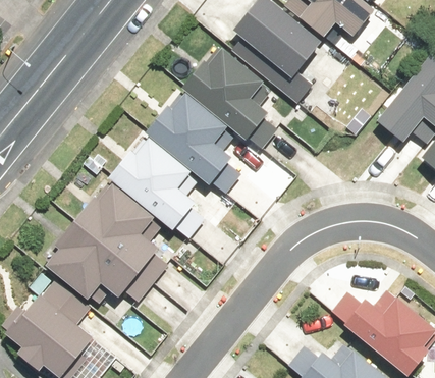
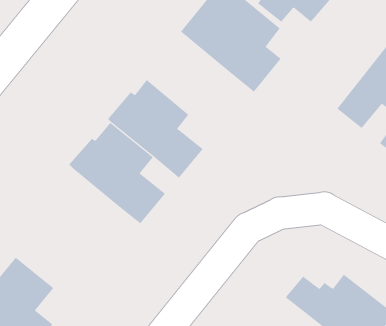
building: [182,45,280,151] -> none
building: [45,182,159,299] -> none

